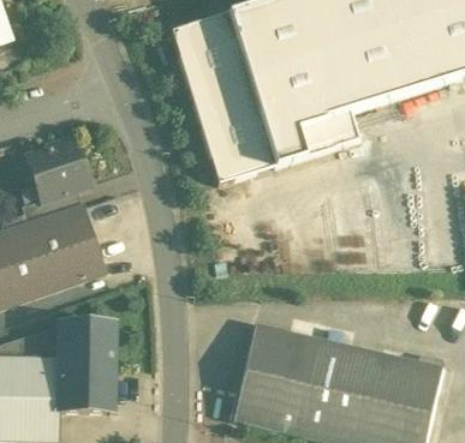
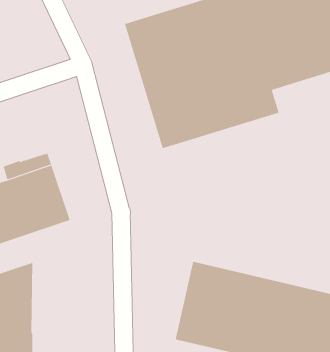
building: [25,137,87,199] -> none
building: [58,323,111,411] -> none

